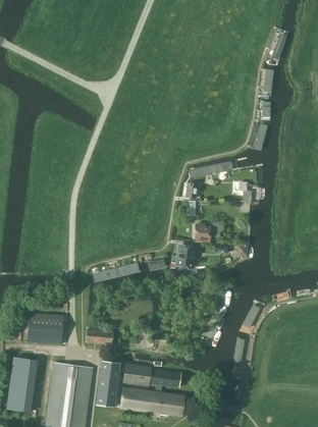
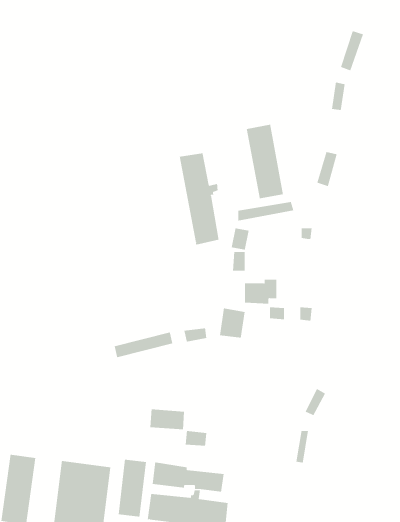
building: none -> [246,124,284,199]
building: none -> [179,152,219,245]
building: [26,313,63,343] -> none
building: [86,328,113,344] -> [149,409,185,430]

